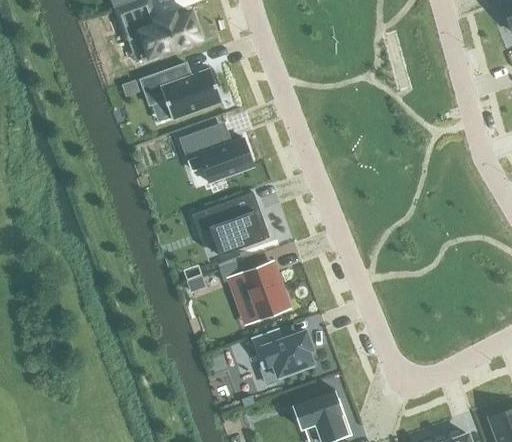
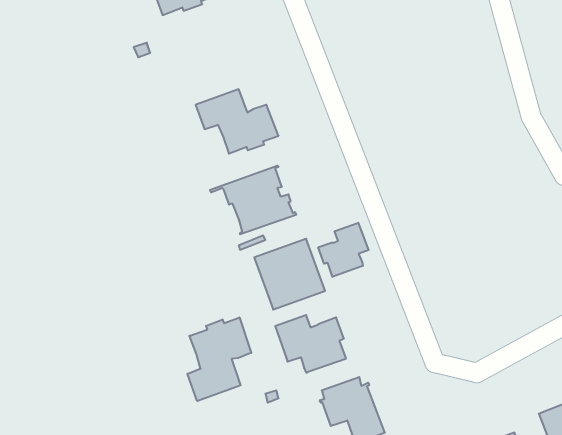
building: [140,63,221,119] -> none
building: none -> [318,223,369,277]
building: none -> [187,317,251,401]

